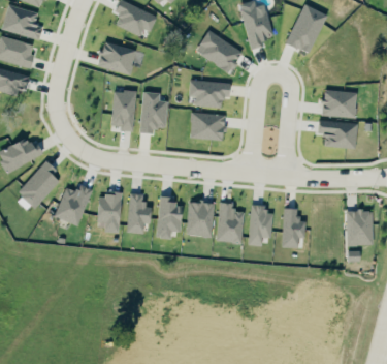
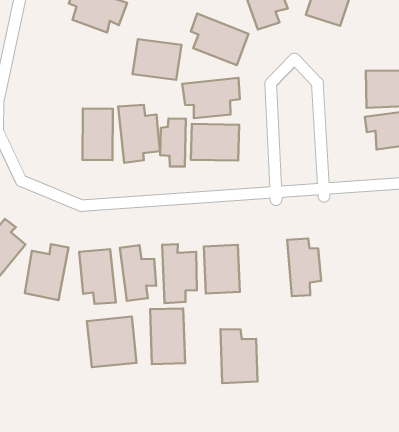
building: [98,41,136,74] -> [133,39,182,80]
building: none -> [160,119,186,167]
building: [215,202,244,243] -> [221,329,257,383]
building: [281,208,305,247] -> none
building: none -> [150,308,185,364]
building: none -> [87,317,137,367]

